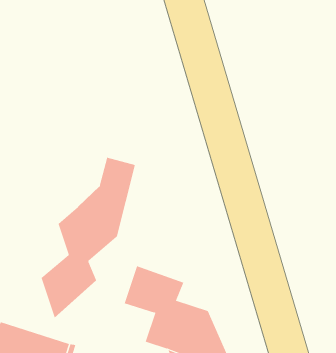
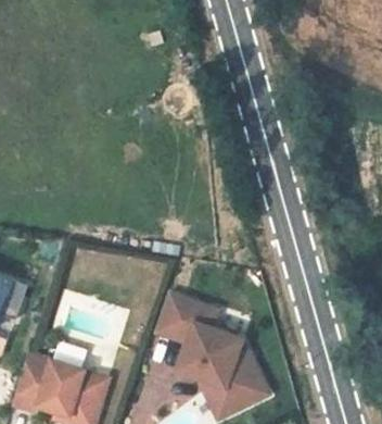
building: [41,157,135,319] -> none

